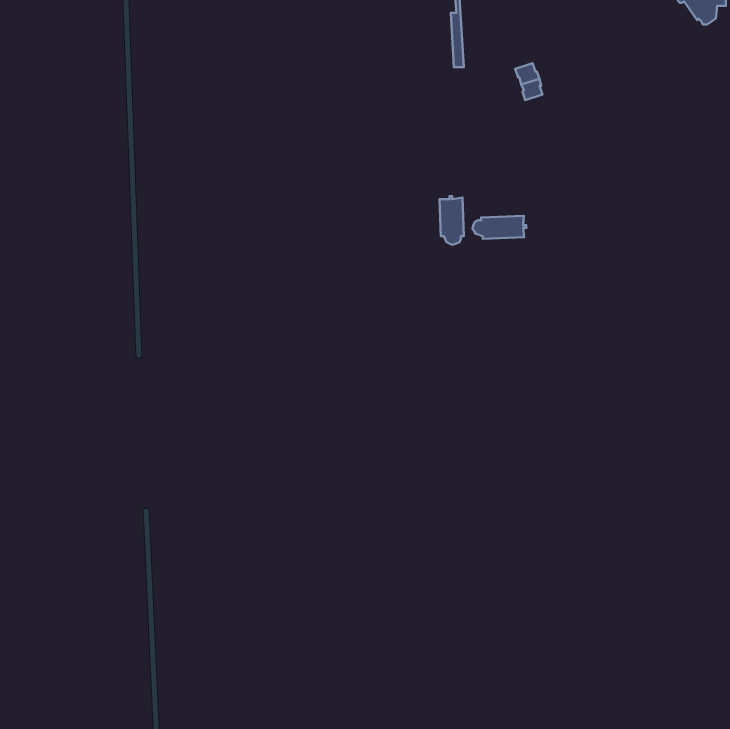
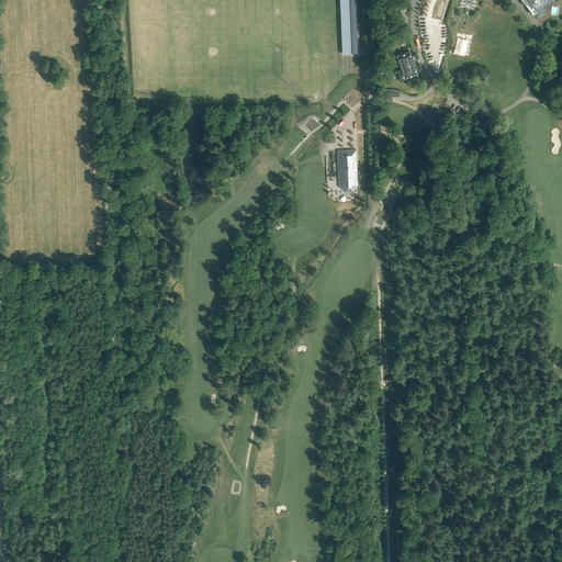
building: [472,216,526,239] -> none

